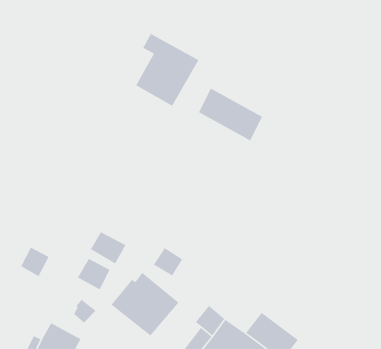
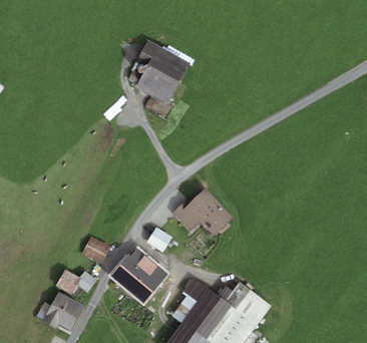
building: [198,88,263,141] -> none
building: none -> [172,188,233,235]
building: [90,231,126,265] -> none
building: [20,247,49,277] -> [56,269,81,295]

